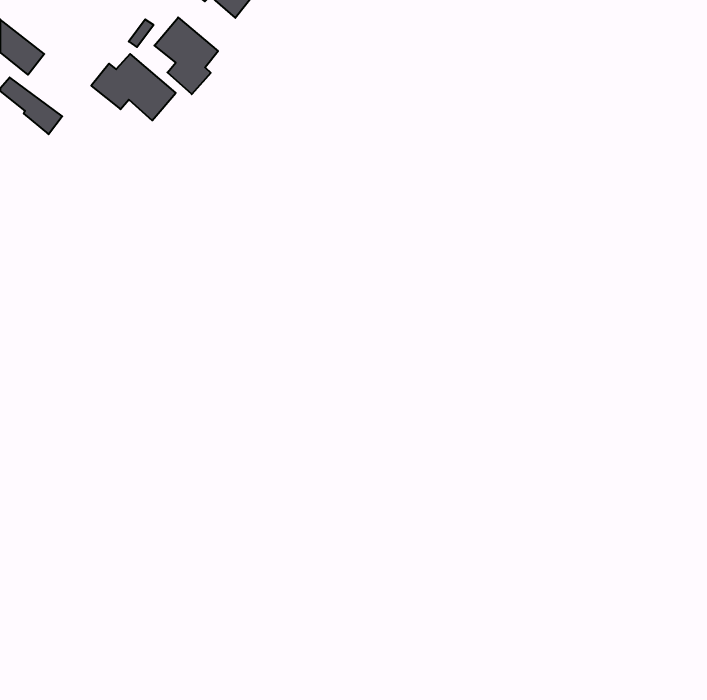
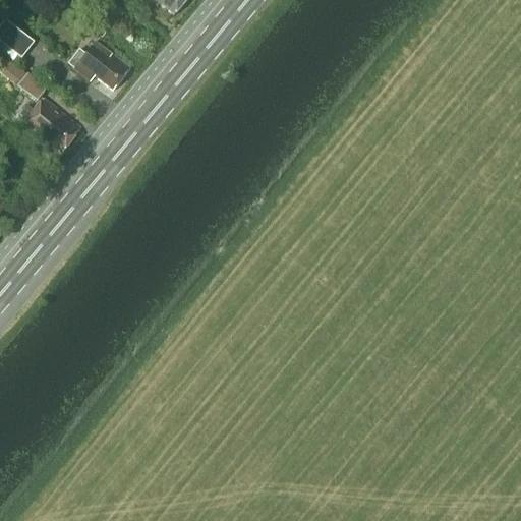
building: [154,17,218,94] -> none
building: none -> [20,98,80,151]

